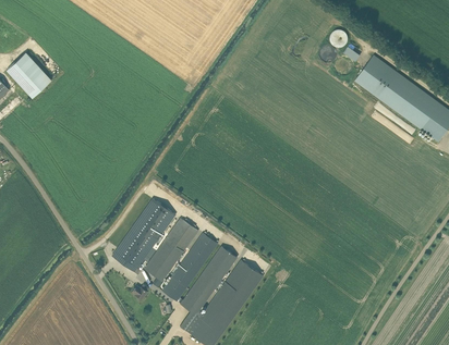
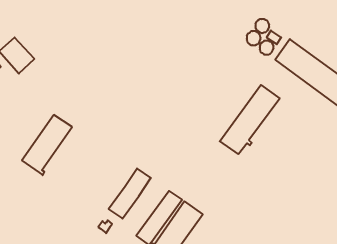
building: none -> [220,85,280,154]
building: [112,198,175,274] -> [22,115,72,175]
building: [162,233,218,300] -> none

